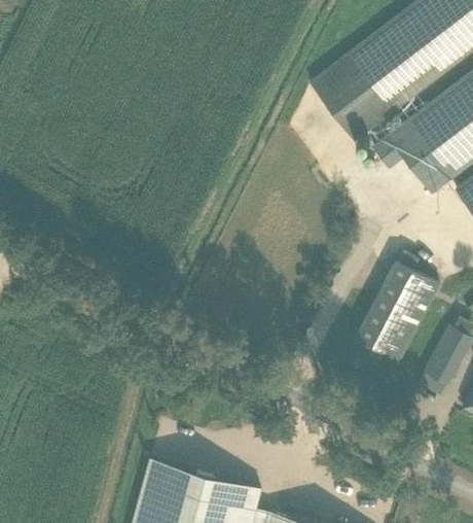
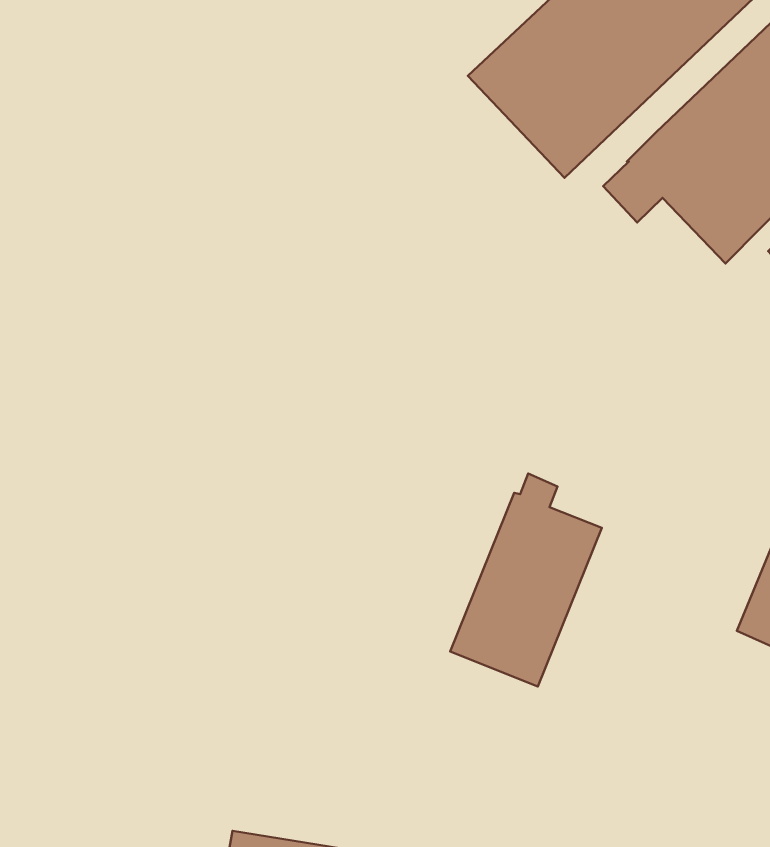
building: [356,250,440,360] -> [450,473,602,687]

